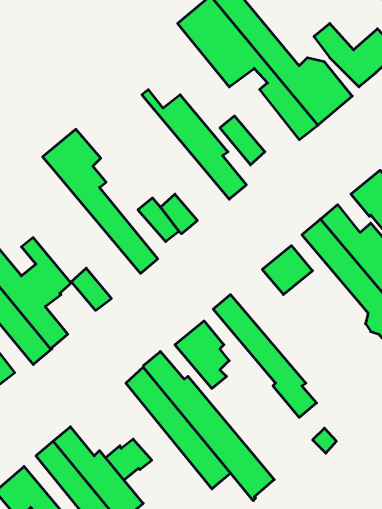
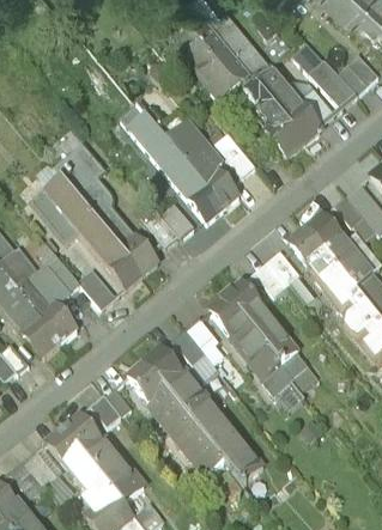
building: none -> [122,108,223,223]
building: none -> [31,179,144,292]
building: none -> [224,282,315,388]
building: [105,439,152,480] -> [91,389,133,426]

